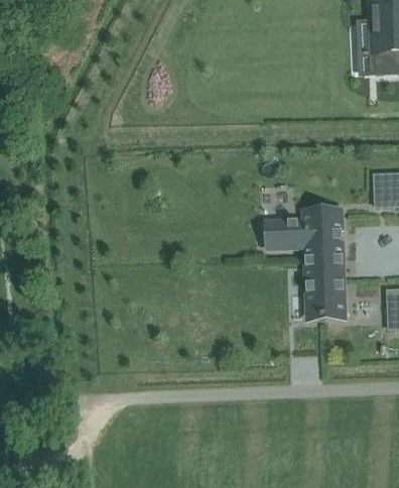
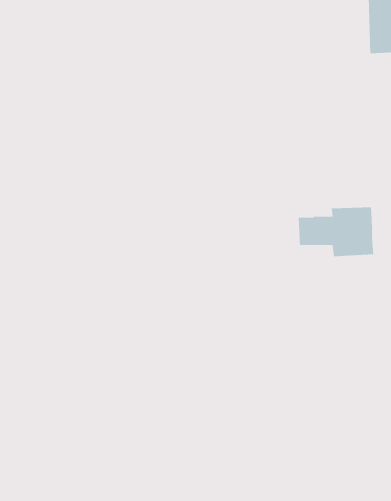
building: [307,253,346,316] -> none

